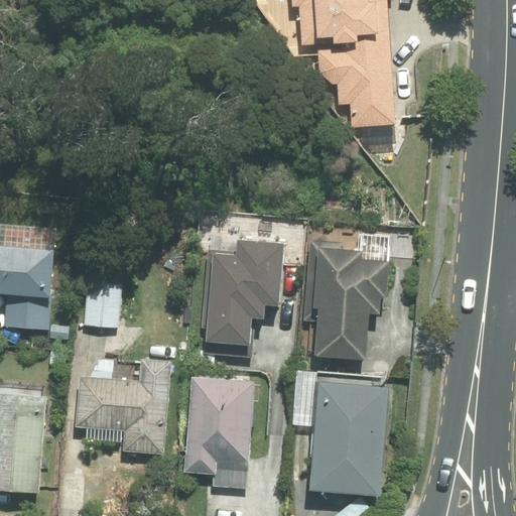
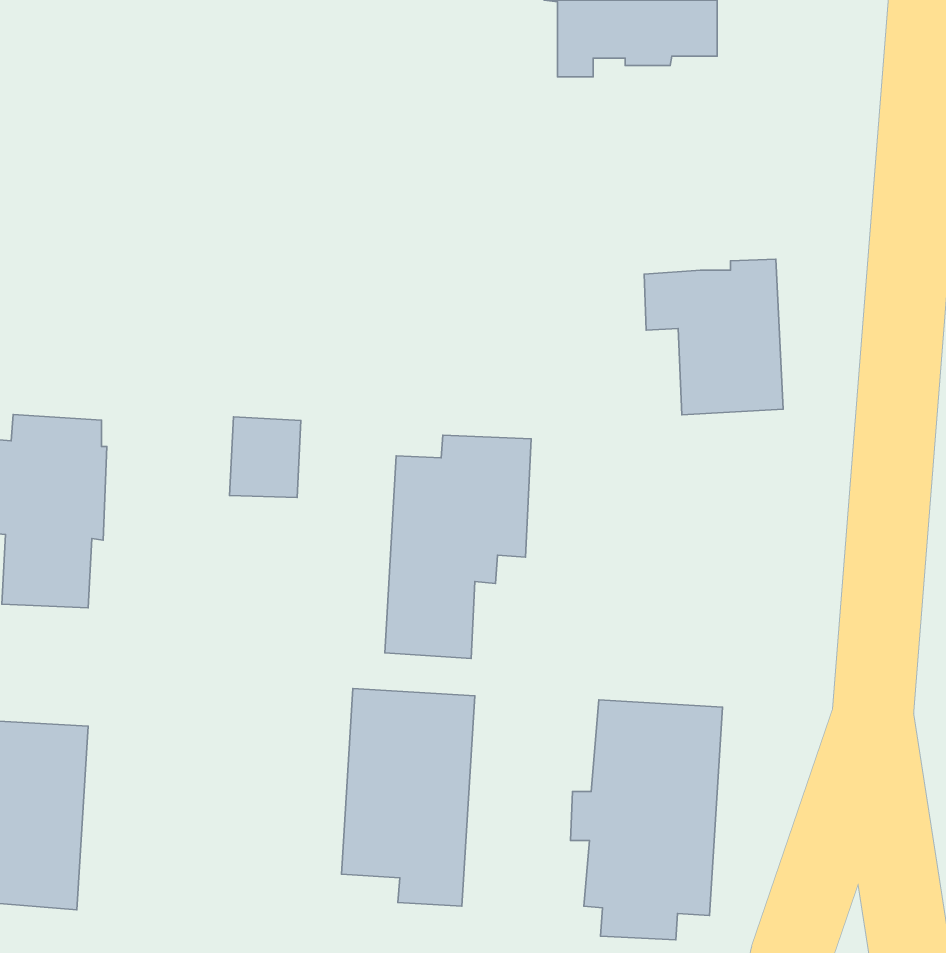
building: [316,42,391,126] -> [644,259,783,415]
building: [302,238,389,357] -> none
building: [81,282,119,326] -> [230,417,301,497]
building: [75,359,168,454] -> none

